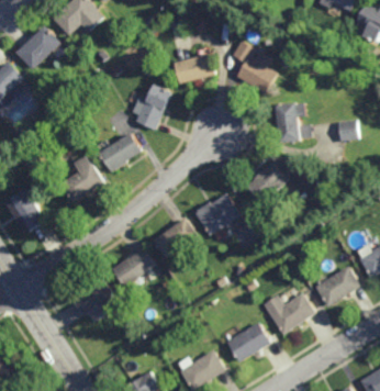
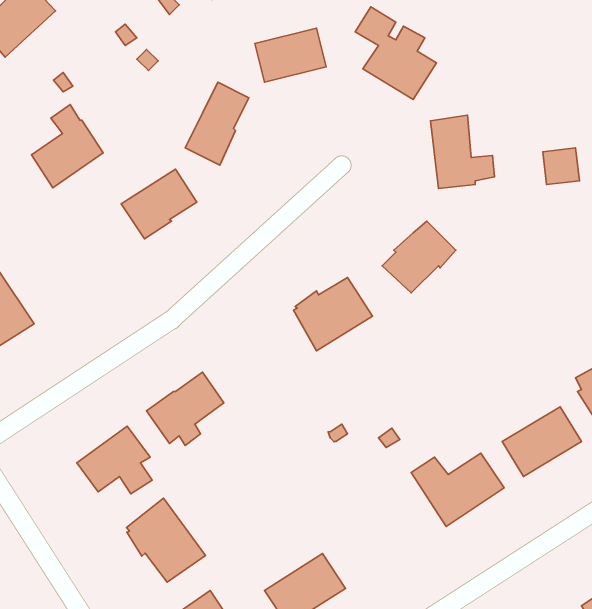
building: [63,154,103,201] -> [32,105,103,188]
building: [153,216,198,258] -> none
building: none -> [126,498,206,582]
building: [226,323,269,362] -> none

